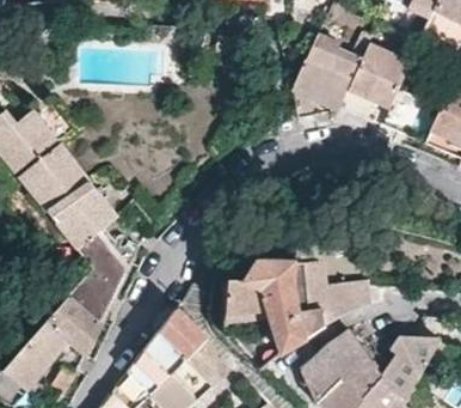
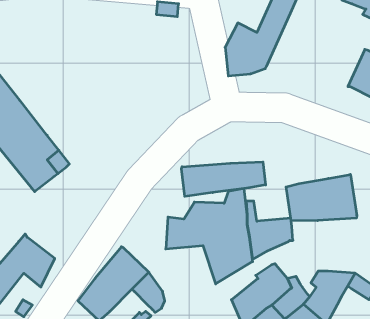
building: [339,43,410,121] -> none
building: none -> [181,162,266,196]
building: none -> [286,174,357,221]
building: [67,231,128,323] -> none

